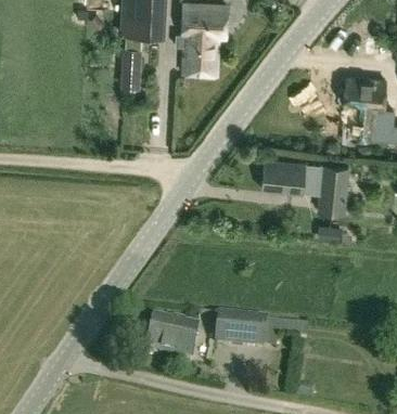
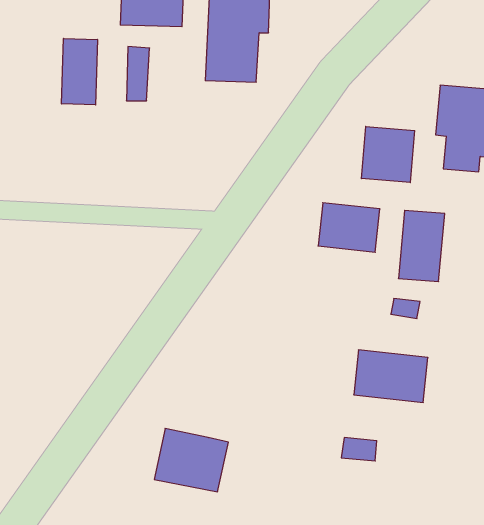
building: none -> [62,38,97,105]
building: none -> [361,126,415,183]
building: [214,314,266,351] -> [354,350,428,402]

